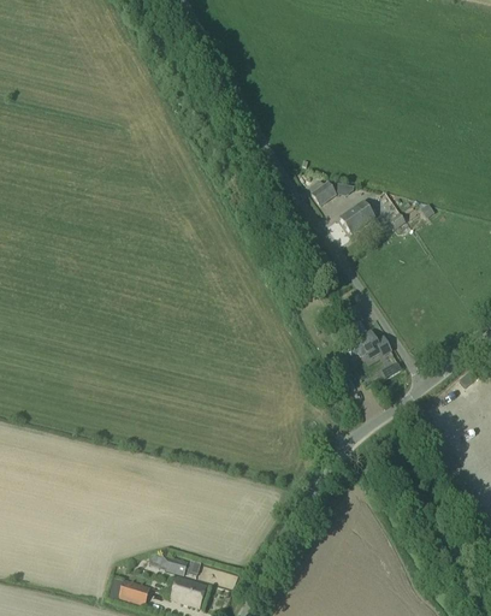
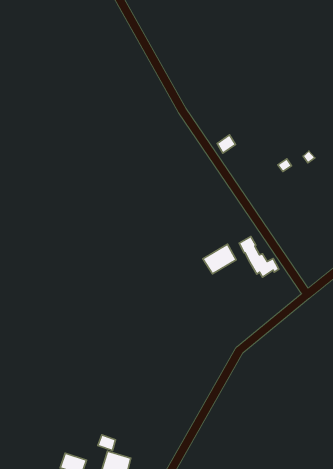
building: [342,200,375,233] -> none
building: none -> [203,244,236,274]

